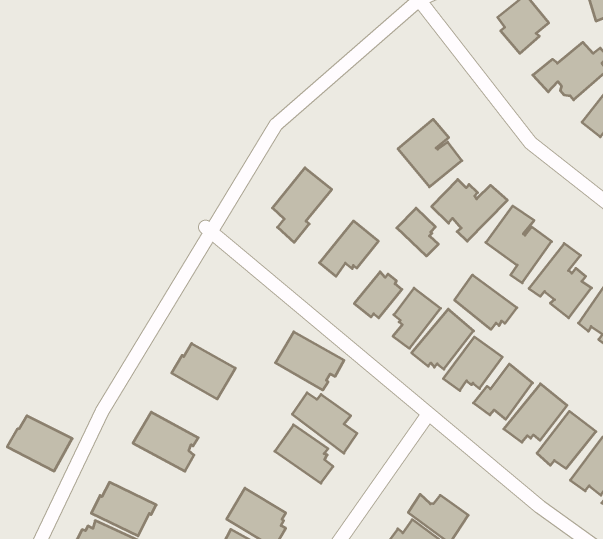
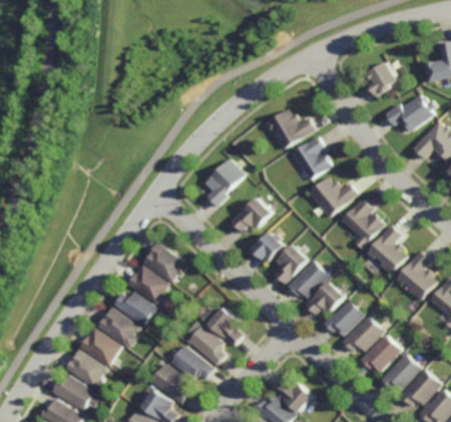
building: none -> [264,107,314,148]
building: [397,208,438,256] -> none
building: [455,275,517,329] -> none
building: [275,332,344,390] -> [141,243,186,283]
building: none -> [112,291,154,325]
building: [7,416,72,471] -> [78,328,121,366]
building: none -> [171,345,214,380]

